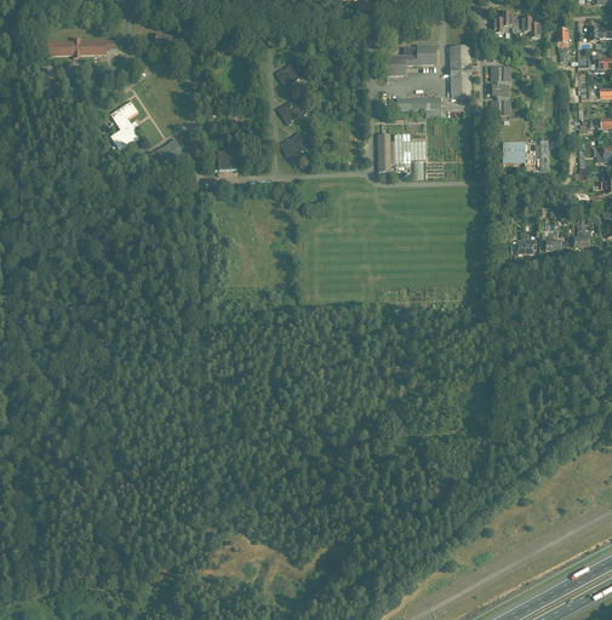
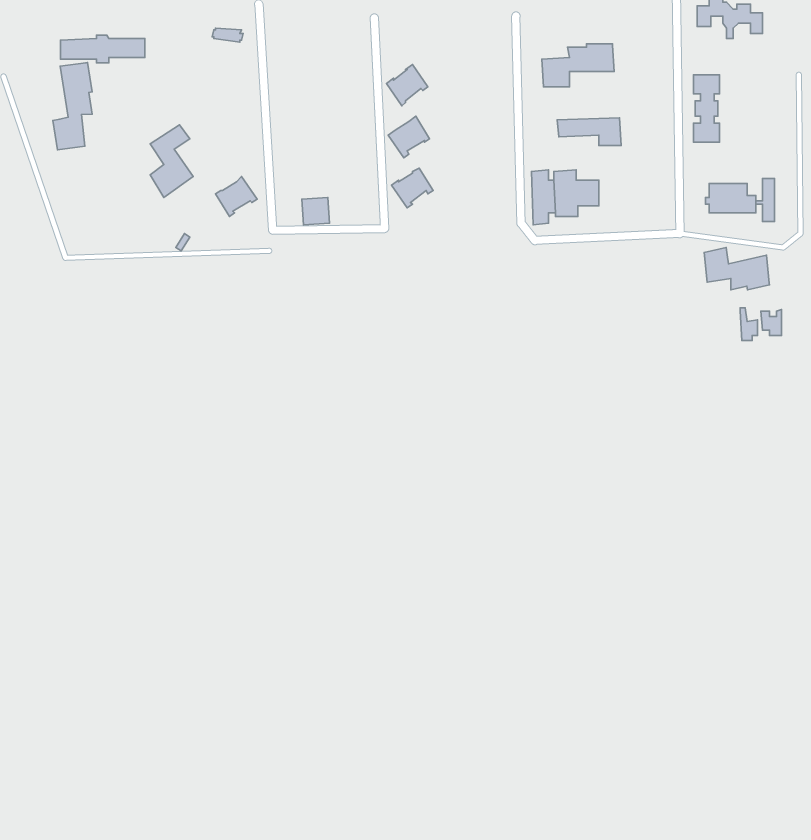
building: [448,46,470,96] -> none
building: none -> [53,62,92,150]
building: none -> [704,247,769,290]

